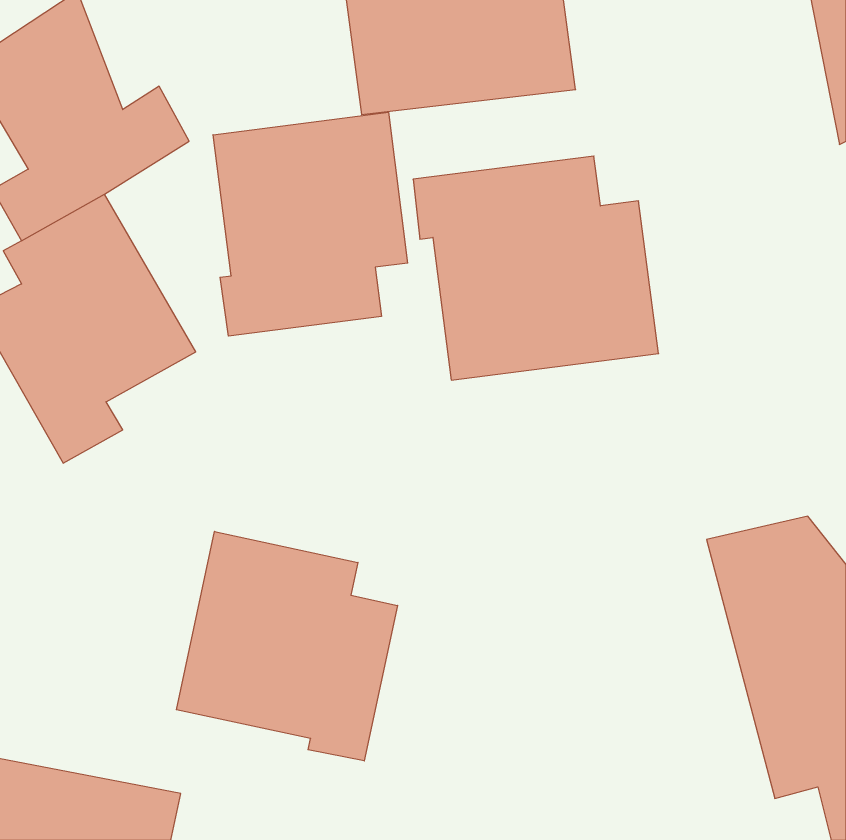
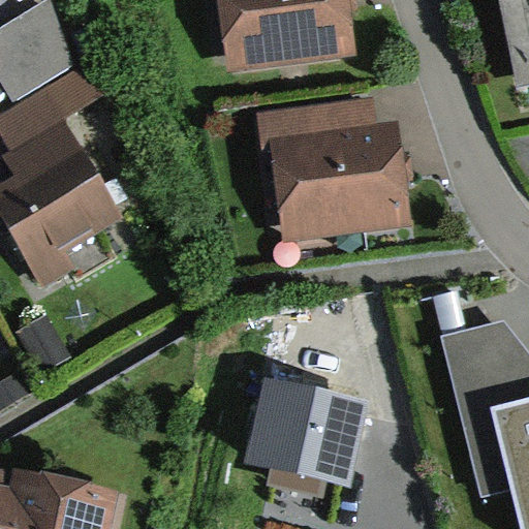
building: [213,112,408,336] -> none
building: [176,531,398,761] -> none
building: none -> [246,377,364,485]

